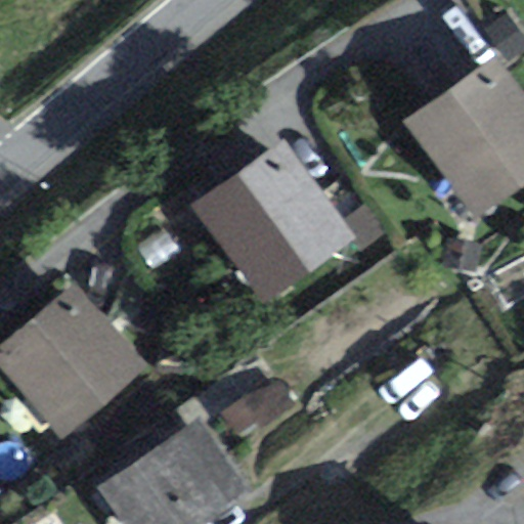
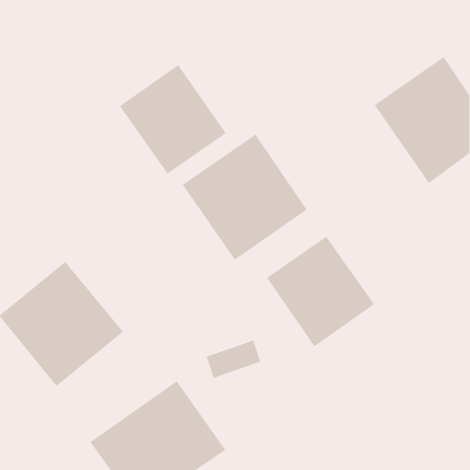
building: none -> [119,64,226,174]
building: none -> [266,236,375,347]

